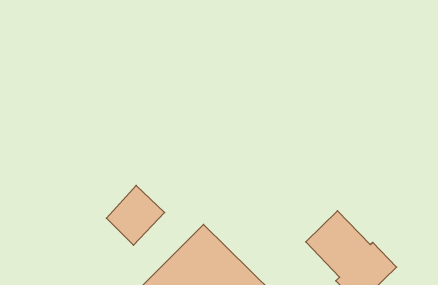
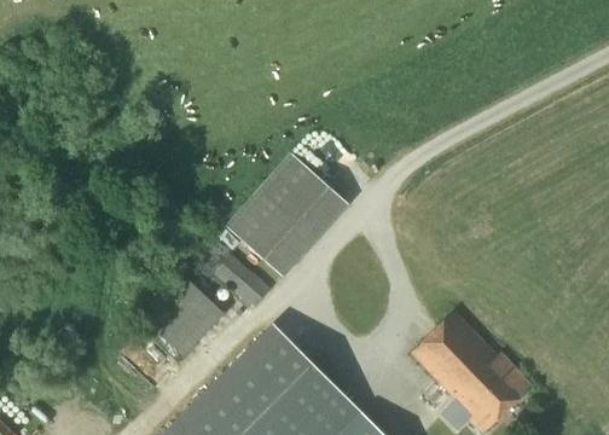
building: none -> [225,153,347,277]
building: none -> [216,256,271,306]

